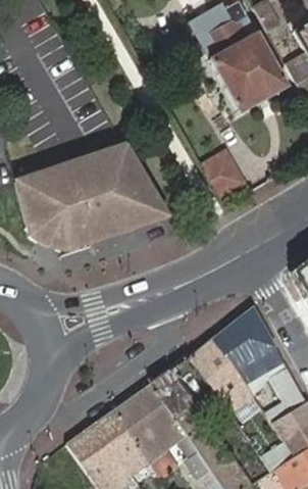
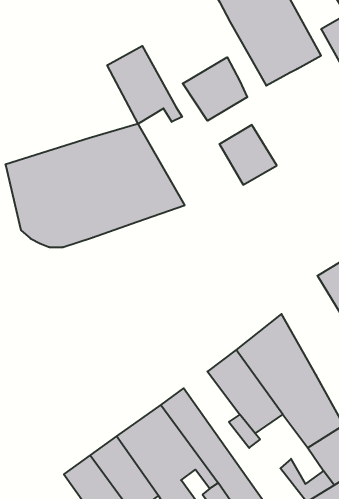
building: none -> [107,46,182,124]
building: none -> [183,57,247,121]

